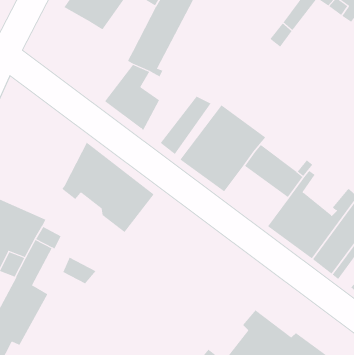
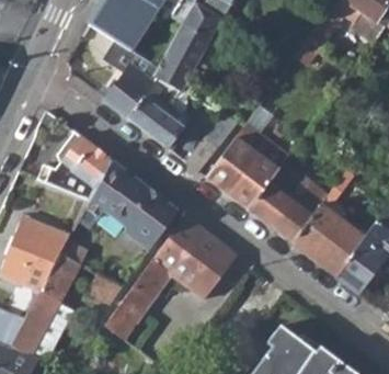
building: none -> [102,38,158,118]
building: none -> [38,132,112,202]
building: none -> [250,183,313,243]
building: none -> [104,217,239,340]

